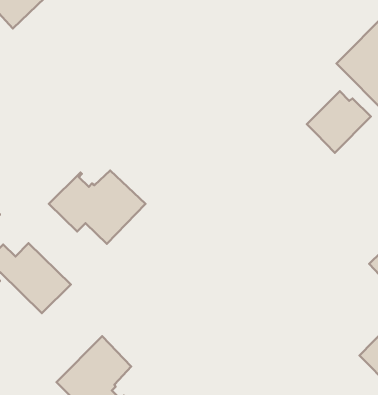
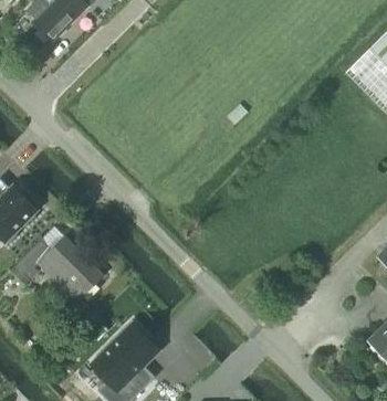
building: [307,91,371,153] -> none
building: [49,171,145,244] -> none

